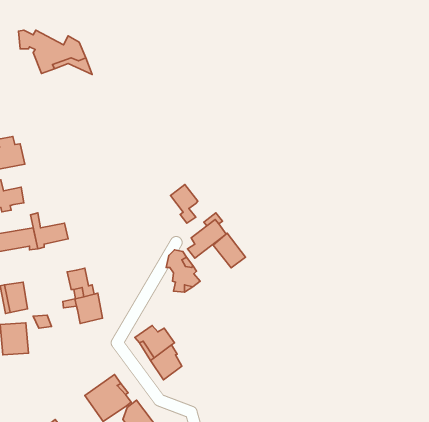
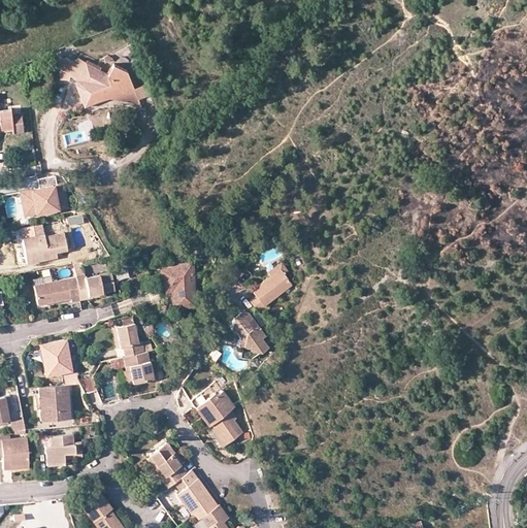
building: [170,184,198,223] -> none
building: none -> [162,264,195,302]
building: [213,233,245,268] -> none
building: none -> [51,435,84,466]

